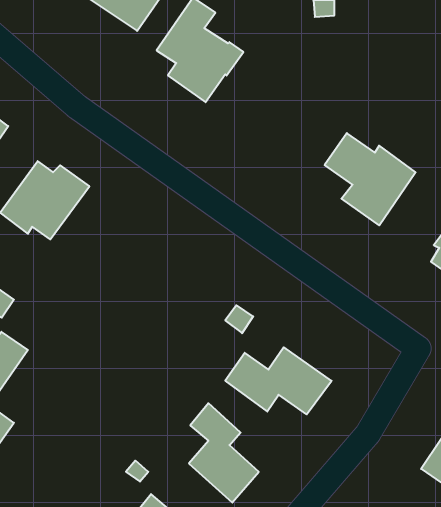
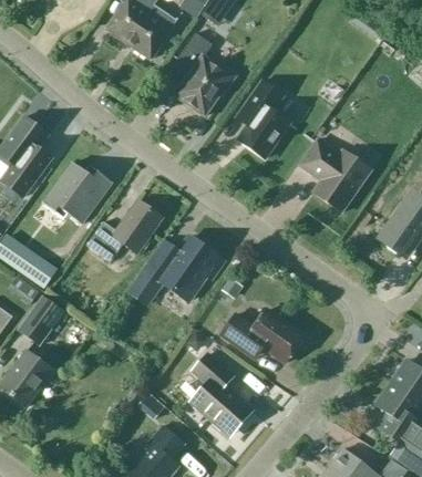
building: none -> [238,80,290,158]
building: none -> [86,199,163,261]
building: none -> [130,236,224,304]

